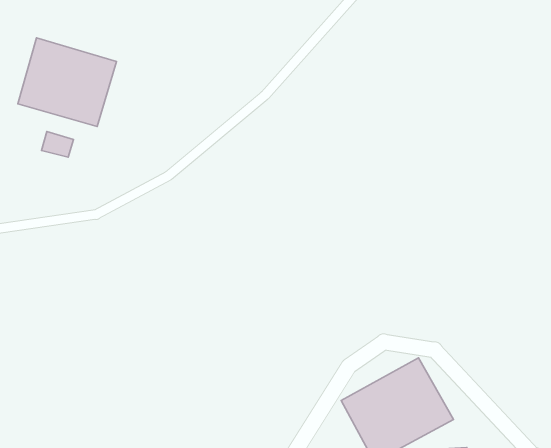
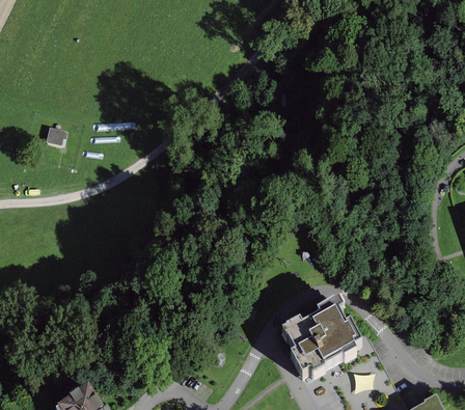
building: [18,38,116,126] -> none

